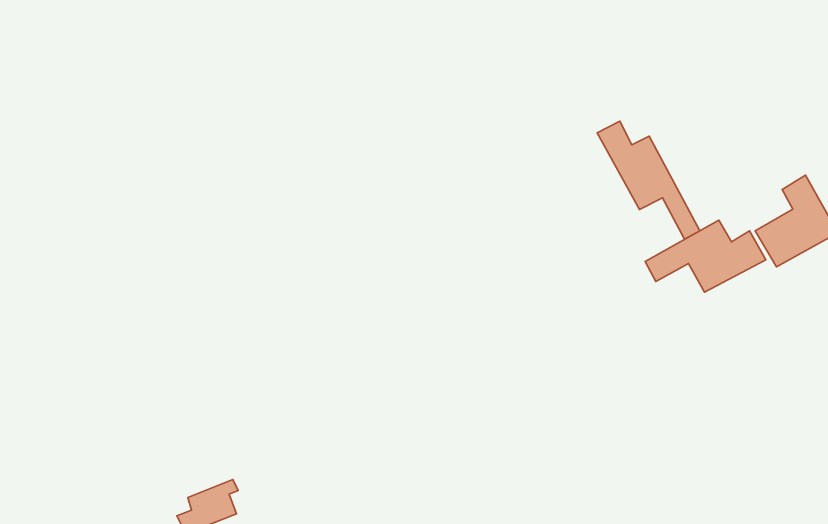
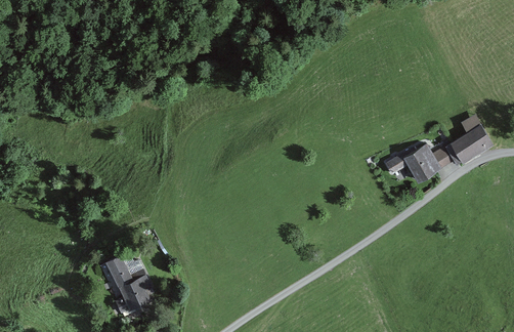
building: [597,121,700,239] -> none
building: none -> [99,255,149,297]

